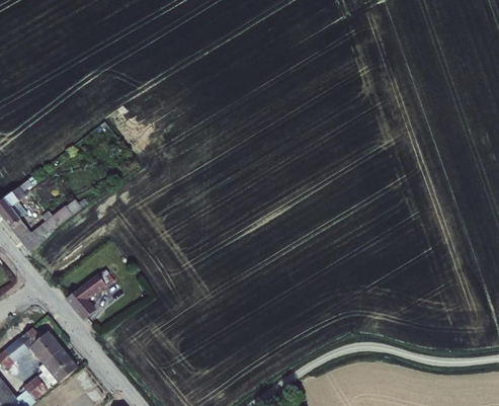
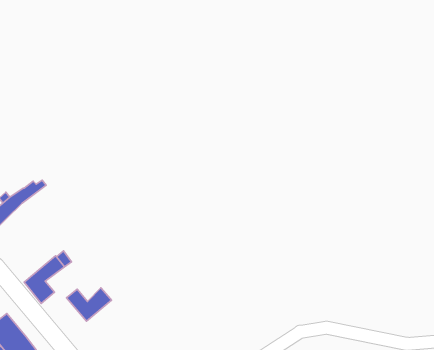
building: none -> [67,288,111,321]

